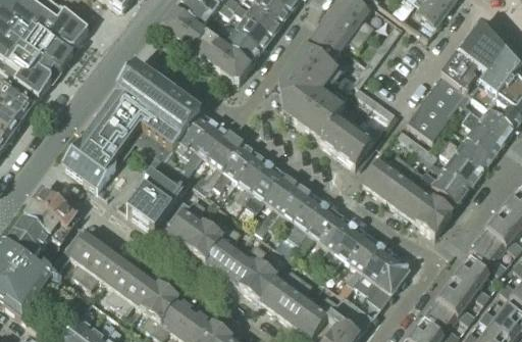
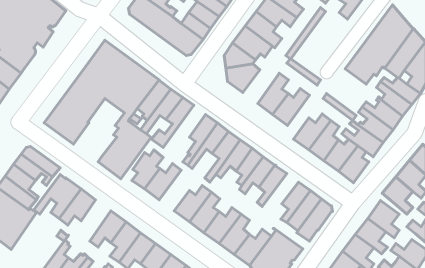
building: [301,96,343,139] -> none
building: [407,97,450,139] -> none
building: [212,141,256,187] -> none
building: [200,219,238,268] -> none
building: [324,224,368,268] -> none
building: [105,255,142,305] -> none

